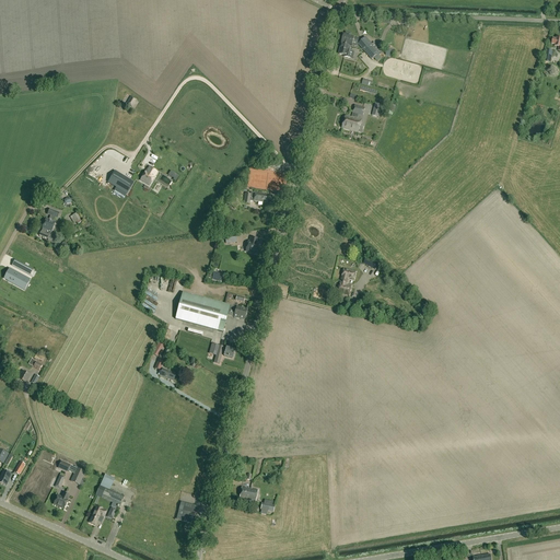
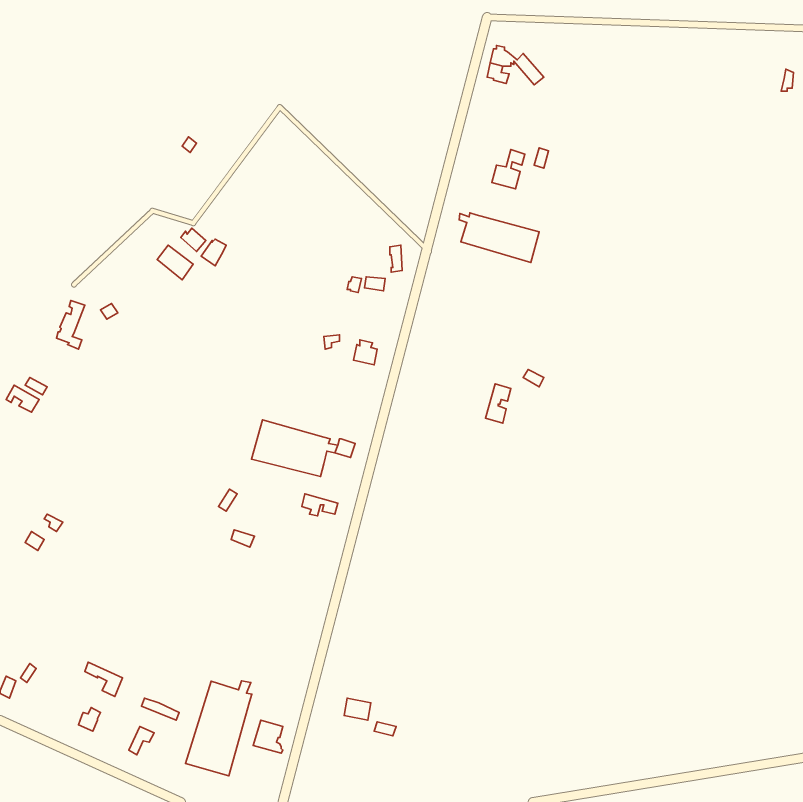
building: none -> [459,213,539,263]
building: none -> [185,681,252,776]

